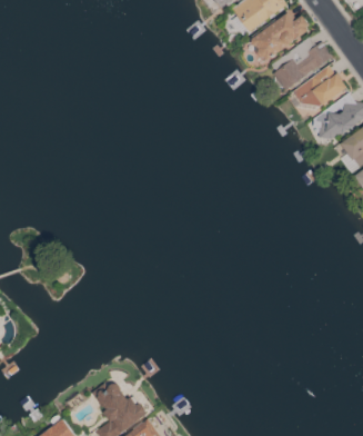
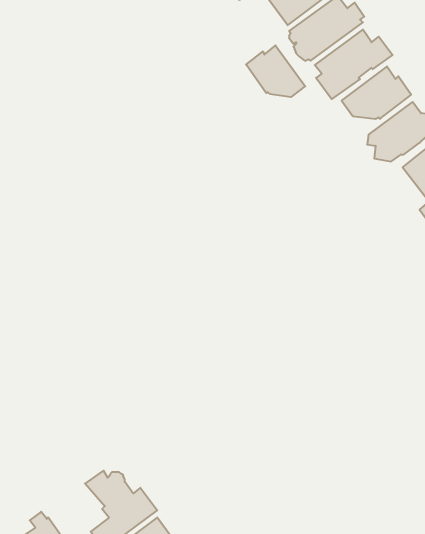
building: none -> [246,45,305,97]

